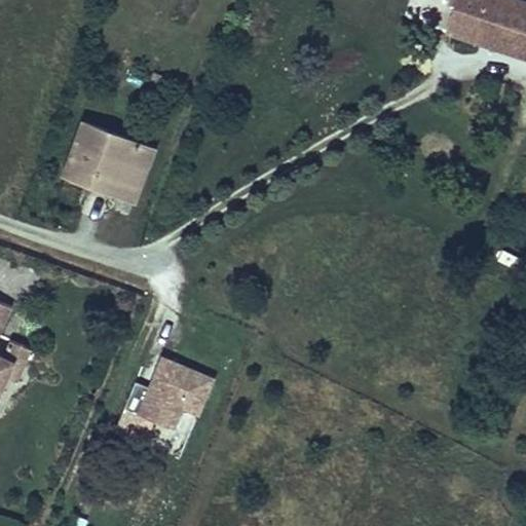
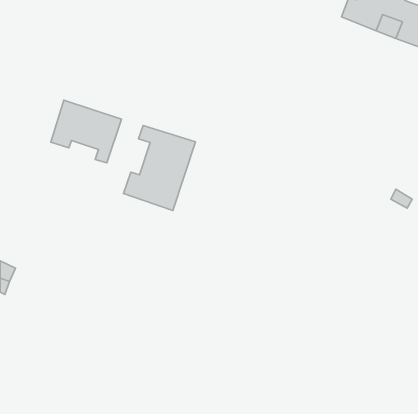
building: none -> [124,125,195,210]
building: [124,356,215,427] -> none

